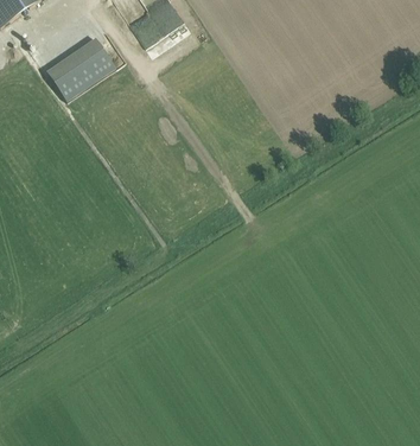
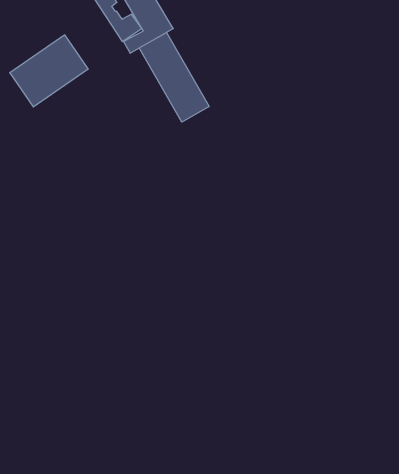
building: none -> [139,32,209,122]

